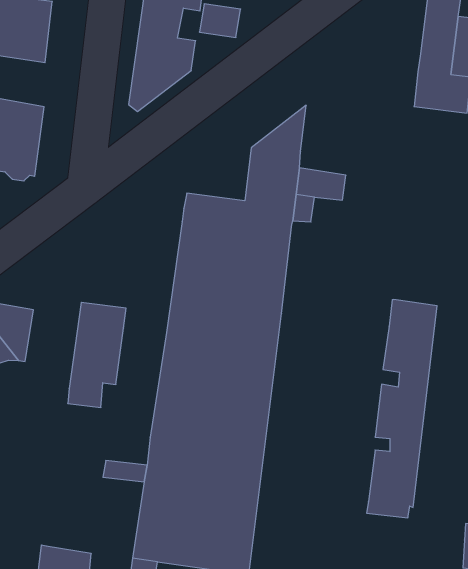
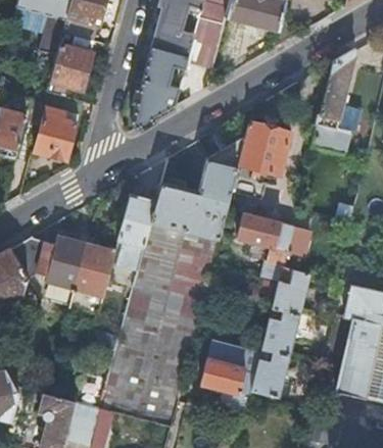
building: none -> [236,122,289,177]
building: none -> [111,194,156,268]
building: none -> [236,214,307,282]
building: none -> [46,235,87,296]
building: none -> [201,341,260,418]

